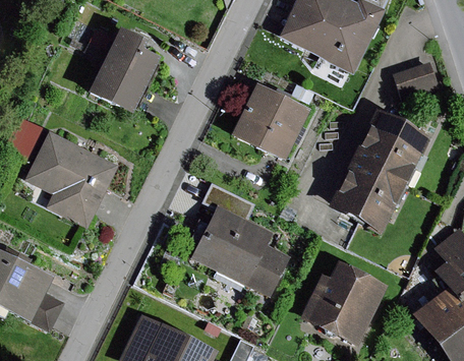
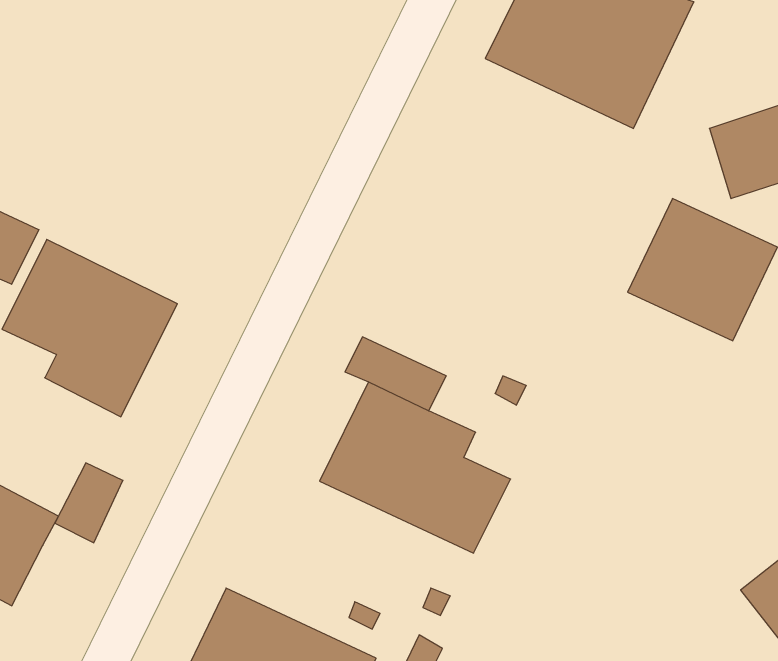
building: [88,27,159,113] -> none
building: [231,83,308,160] -> none
building: [329,159,406,232] -> none
building: [300,260,387,345] -> none
building: [30,291,65,333] -> [55,463,123,543]

